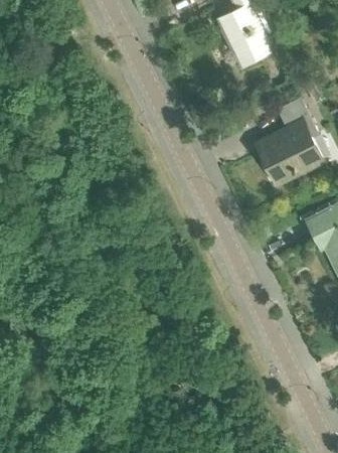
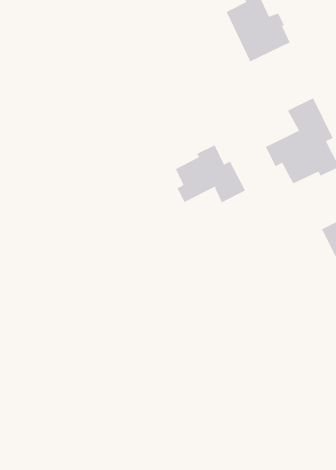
building: none -> [175,144,246,203]

